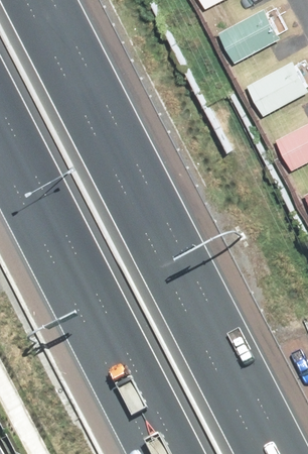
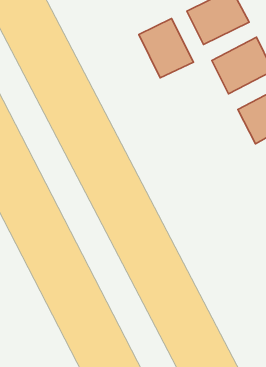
building: none -> [139,18,194,78]

